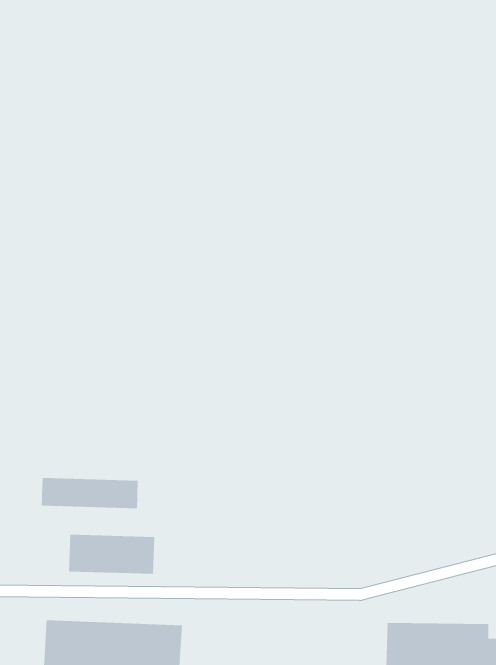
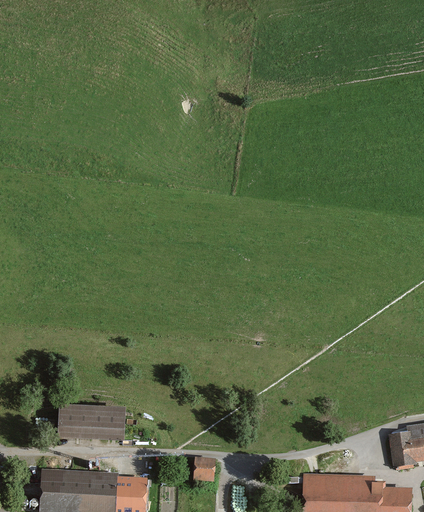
building: [41,477,139,509] -> none
building: none -> [194,461,218,480]

